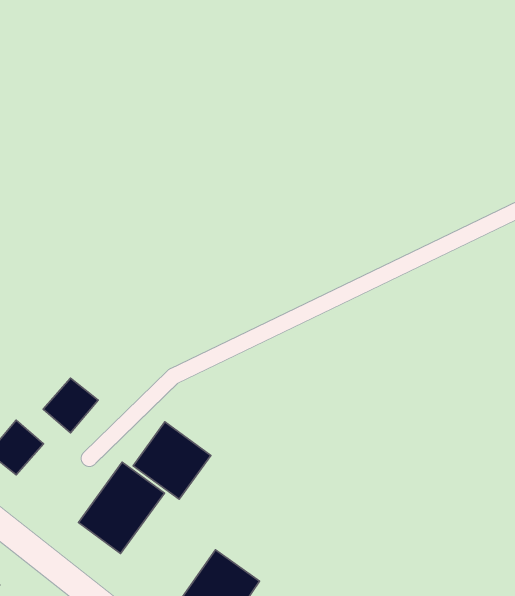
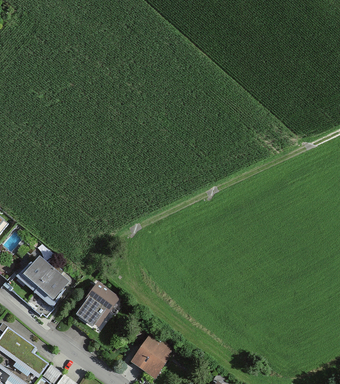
building: [43,378,98,433] -> [41,271,71,301]
building: [133,422,211,499] -> none

